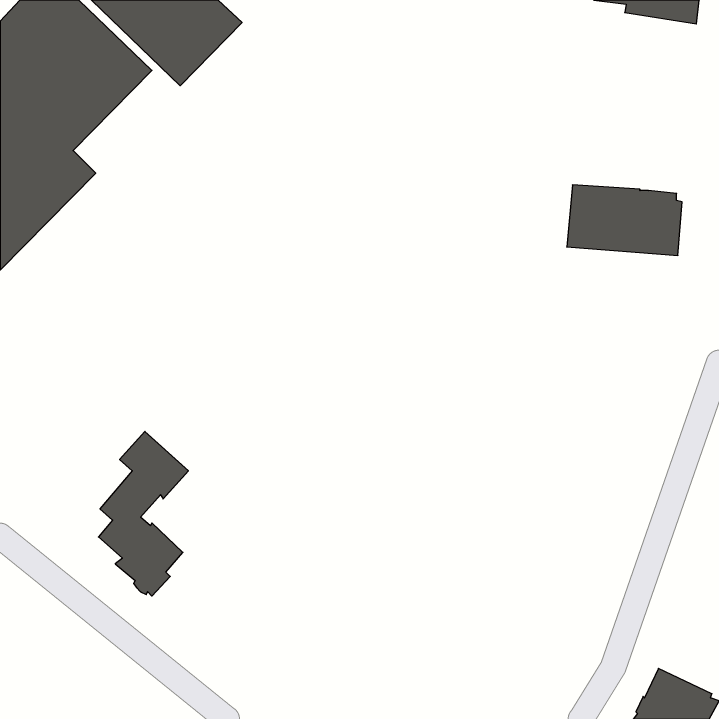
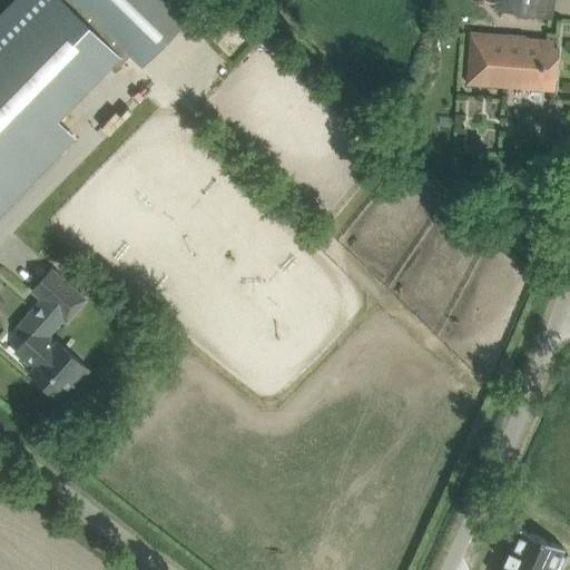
building: [567,185,682,255] -> [466,35,558,90]
building: [98,431,188,596] -> [14,268,86,399]

